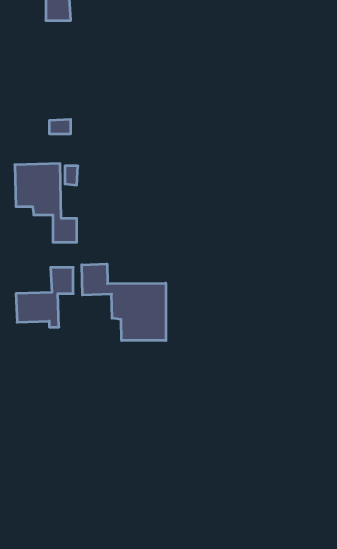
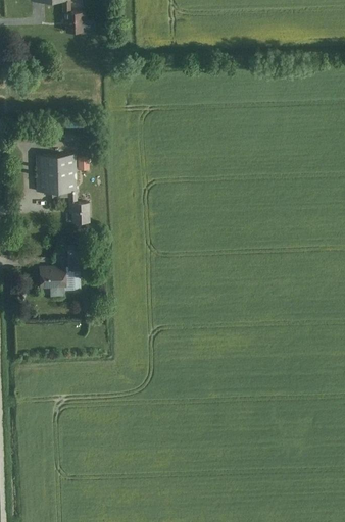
building: [82,264,166,341] -> none

